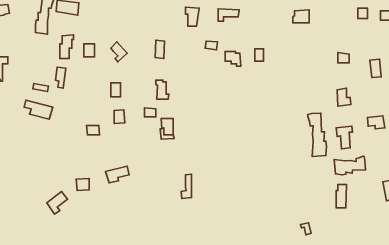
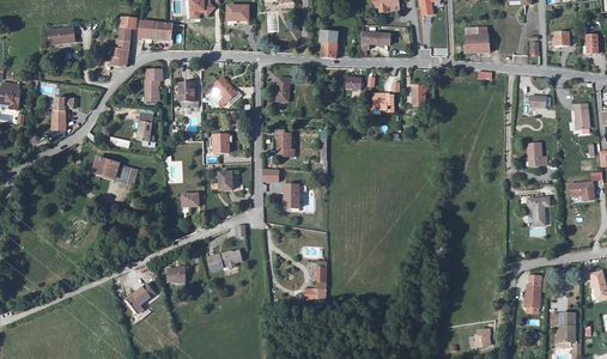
building: [308,113,327,156] -> none
building: [334,156,366,175] -> none
building: none -> [548,310,573,339]

